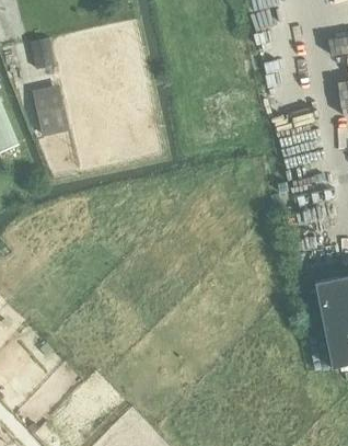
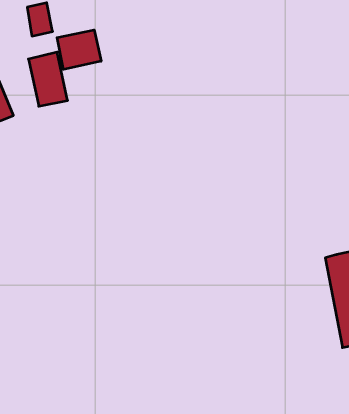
building: none -> [57,30,101,69]

